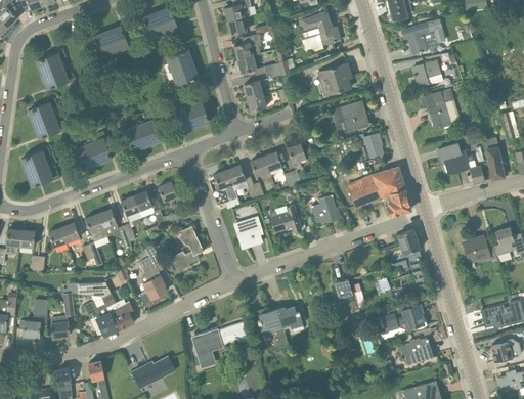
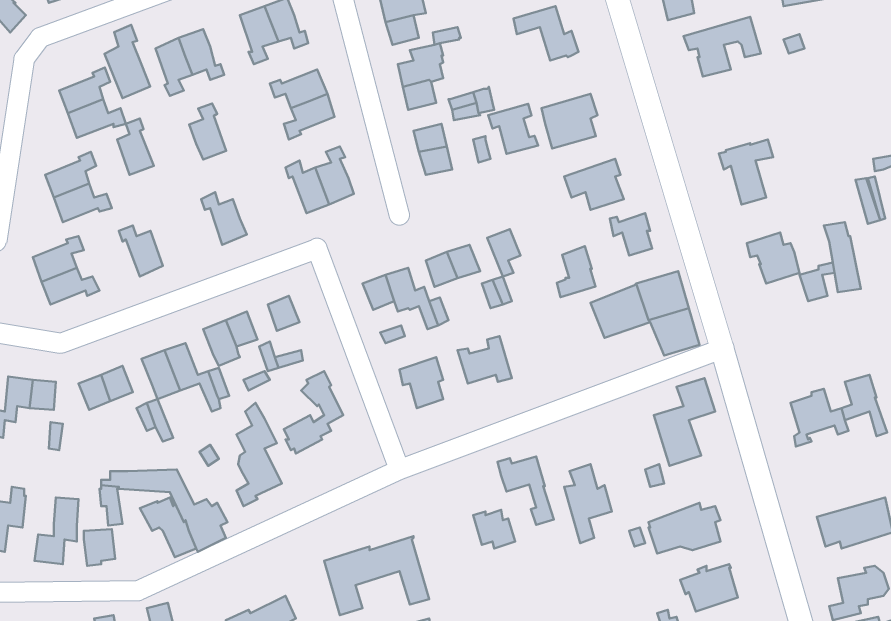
building: none -> [105,25,150,98]
building: [412,60,443,87] -> none
building: none -> [488,104,538,154]
building: [138,113,160,145] -> [189,103,226,160]
building: [90,131,112,164] -> [117,119,154,175]
building: [315,194,338,224] -> [557,246,595,297]
building: [256,309,289,349] -> [498,456,554,525]

